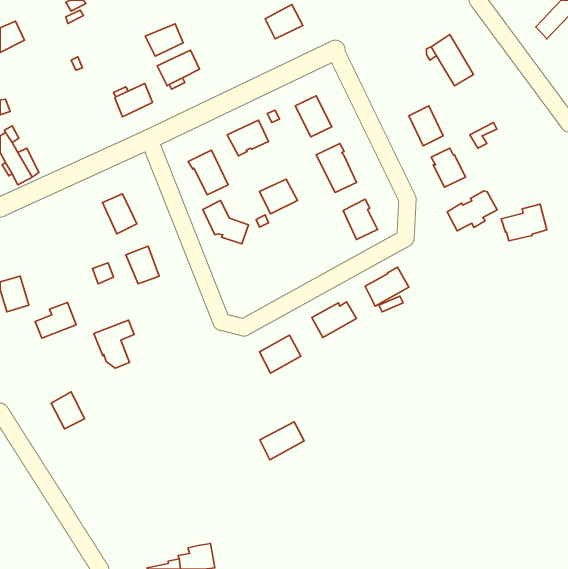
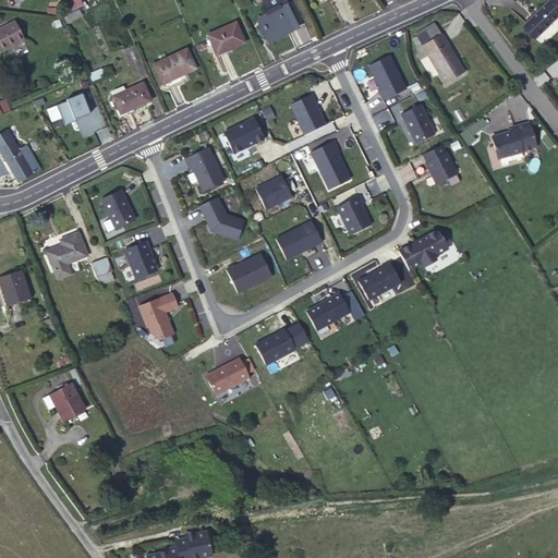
building: [145,24,183,56] -> [207,23,244,54]
building: none -> [368,54,405,99]
building: none -> [58,92,92,124]
building: [447,191,497,231] -> [399,230,448,269]
building: [501,204,547,241] -> [492,121,536,157]
building: none -> [276,220,322,259]
building: none -> [226,253,271,292]
building: [35,303,76,338] -> [47,233,87,268]
building: [94,320,134,368] -> [138,292,178,339]
building: [260,422,304,460] -> [206,359,250,396]

